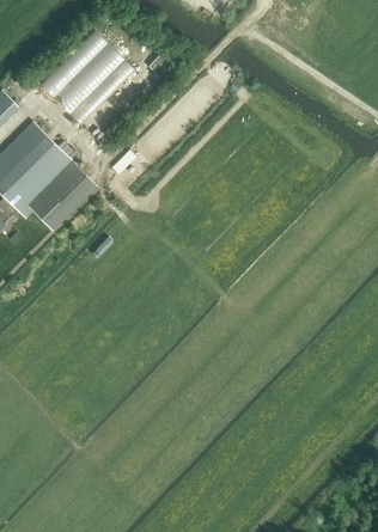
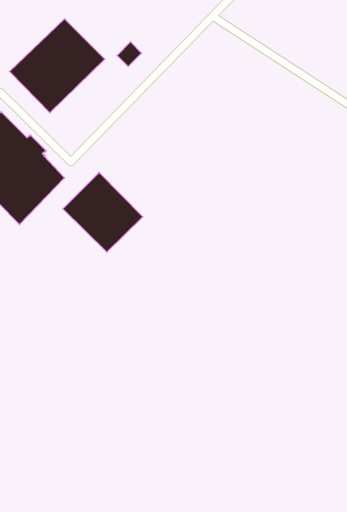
building: none -> [63,172,143,252]

